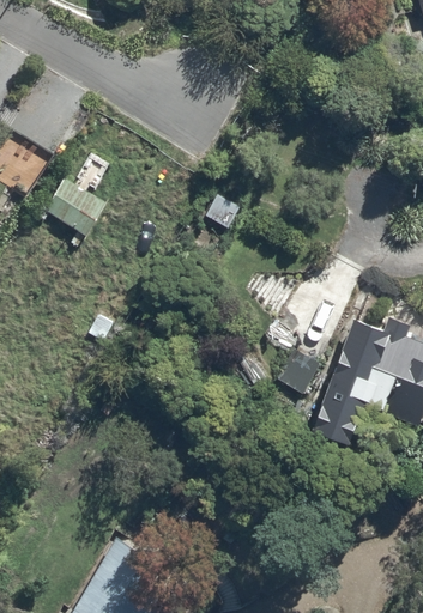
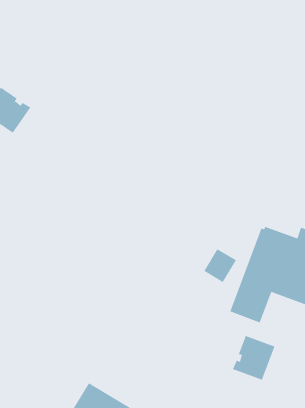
building: [44,178,108,237] -> none
building: none -> [232,335,275,381]

